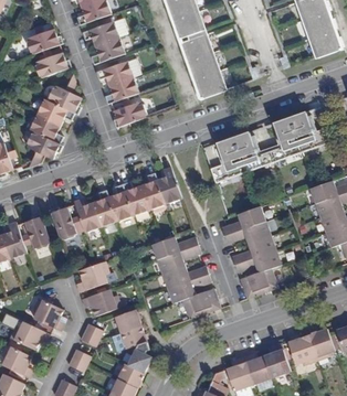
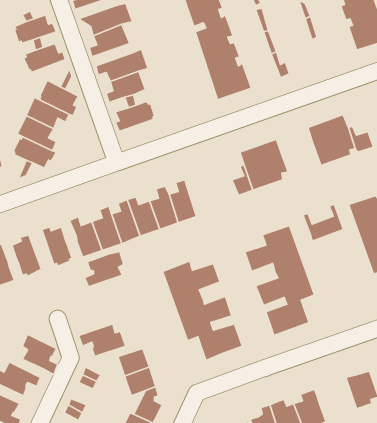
building: [251,133,285,164] -> [303,204,344,241]
building: [75,260,108,290] -> [84,252,124,287]
building: [286,333,315,365] -> none

